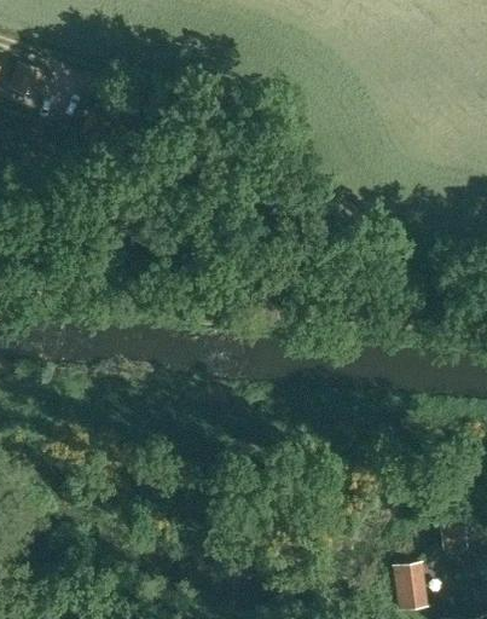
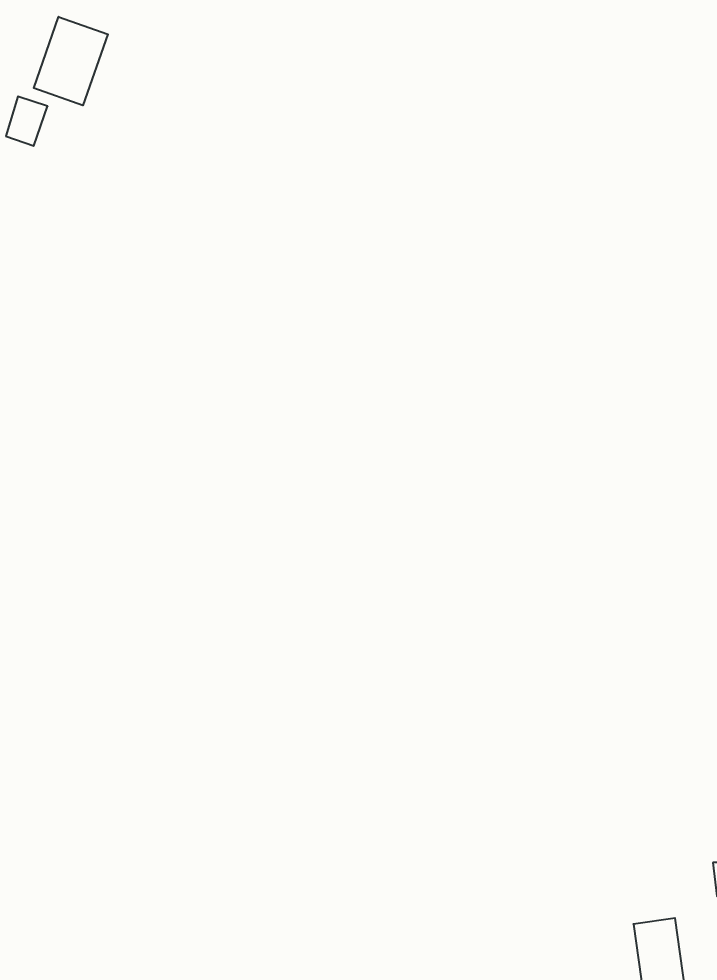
building: none -> [34,17,108,105]

